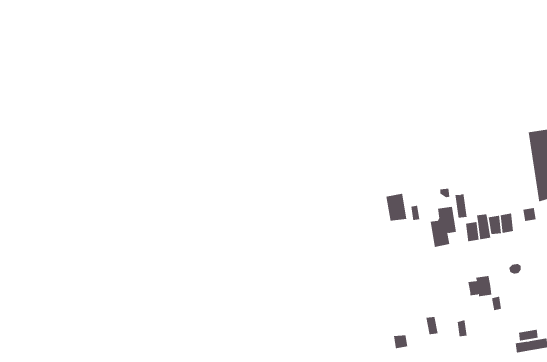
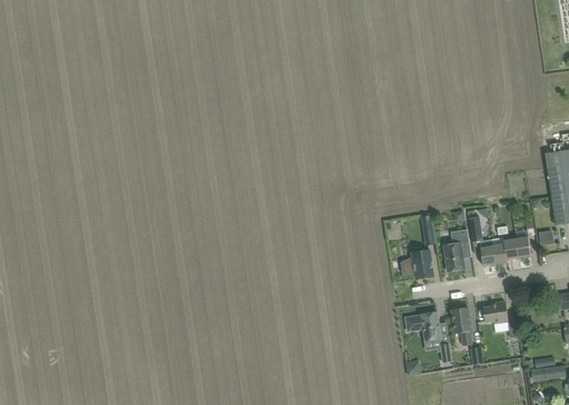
building: [386,193,407,221] -> [411,249,433,278]
building: none -> [451,306,472,345]
building: none -> [421,312,441,340]

